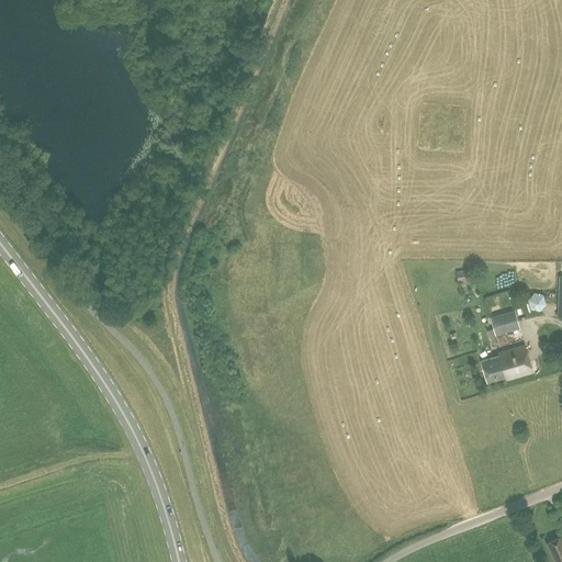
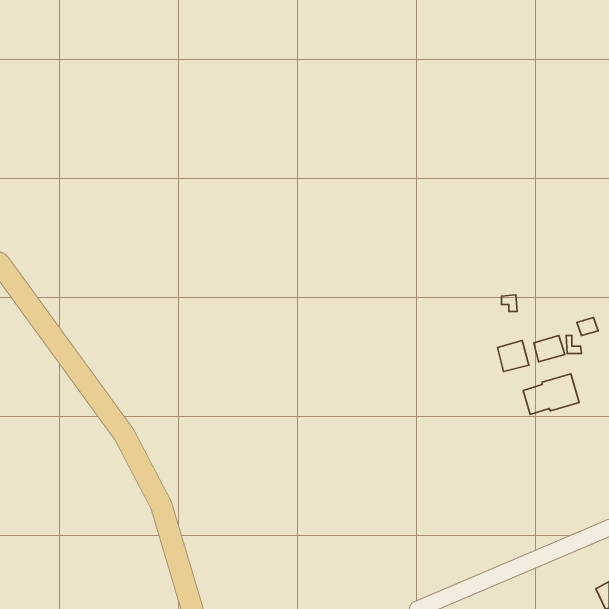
building: none -> [498,340,529,371]

